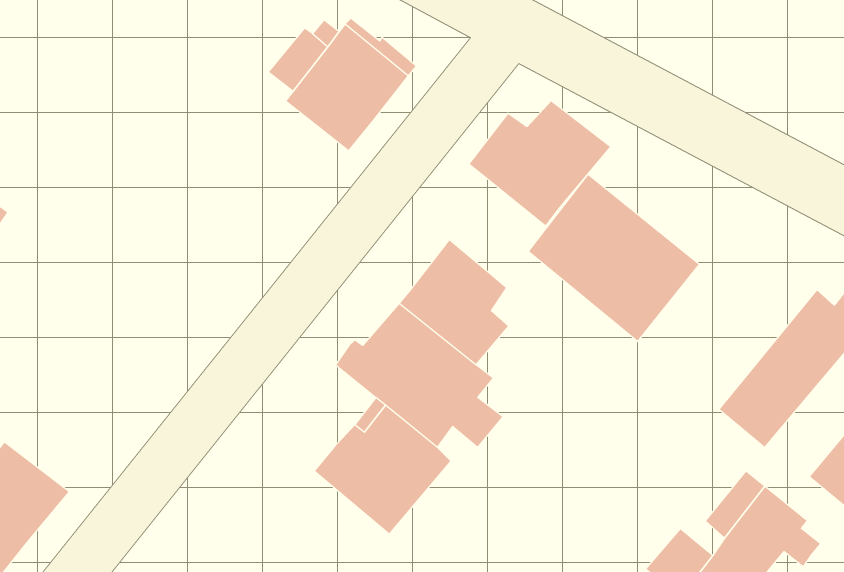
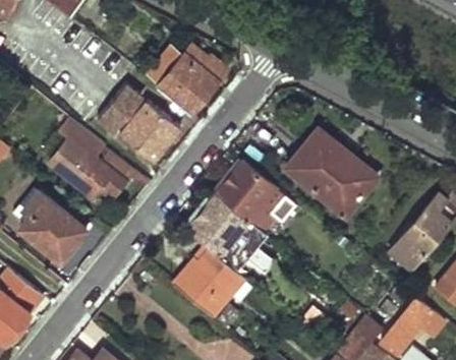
building: none -> [98,84,178,162]
building: [469,100,611,226] -> none
building: none -> [49,127,134,198]
building: none -> [19,189,87,260]

